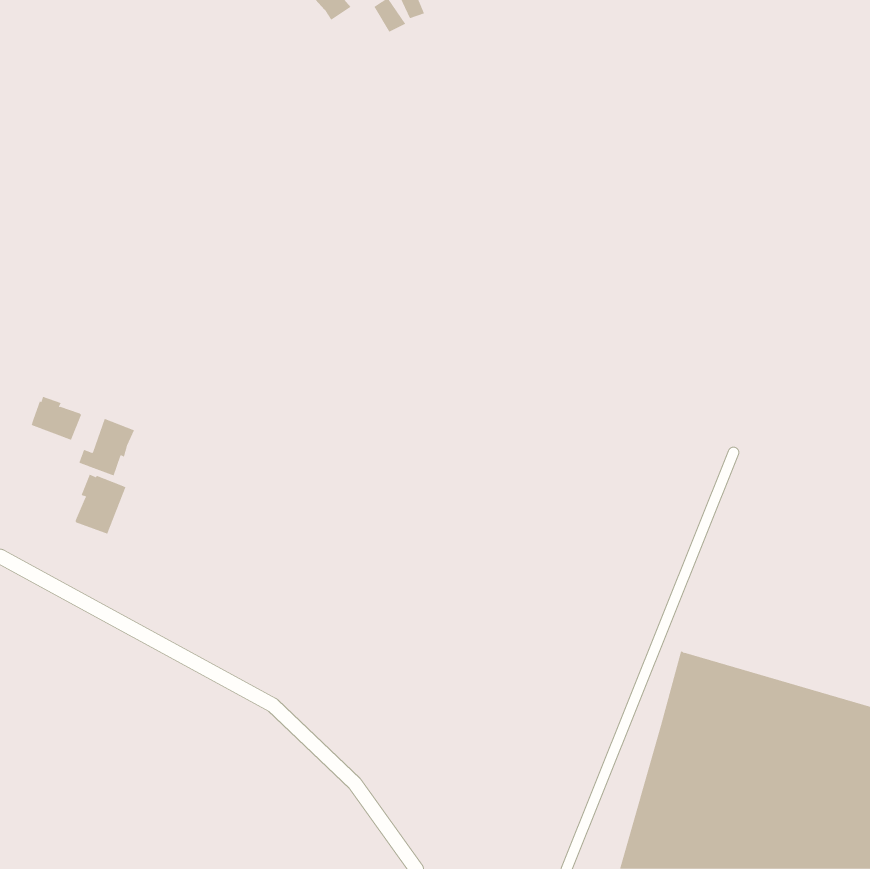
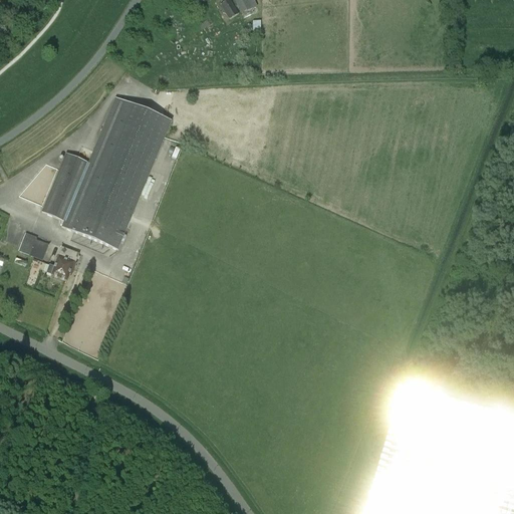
building: none -> [42,97,172,249]
building: [75,474,126,535] -> none

